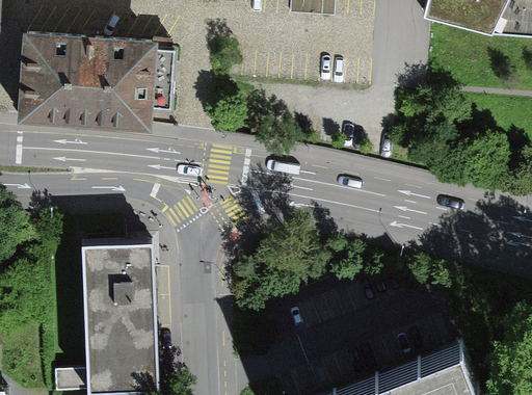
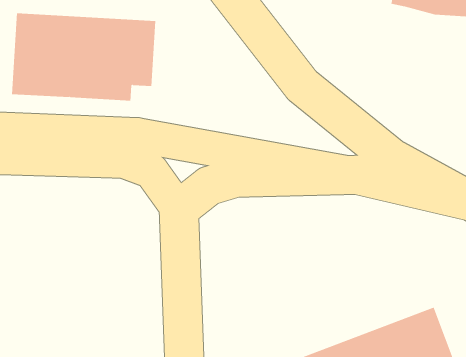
building: [83,240,157,389] -> none

